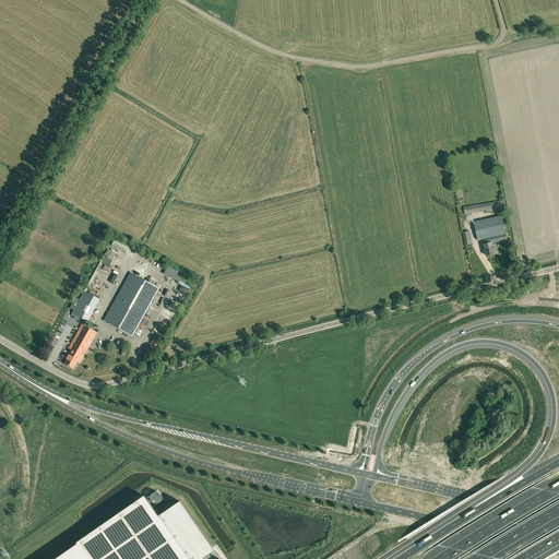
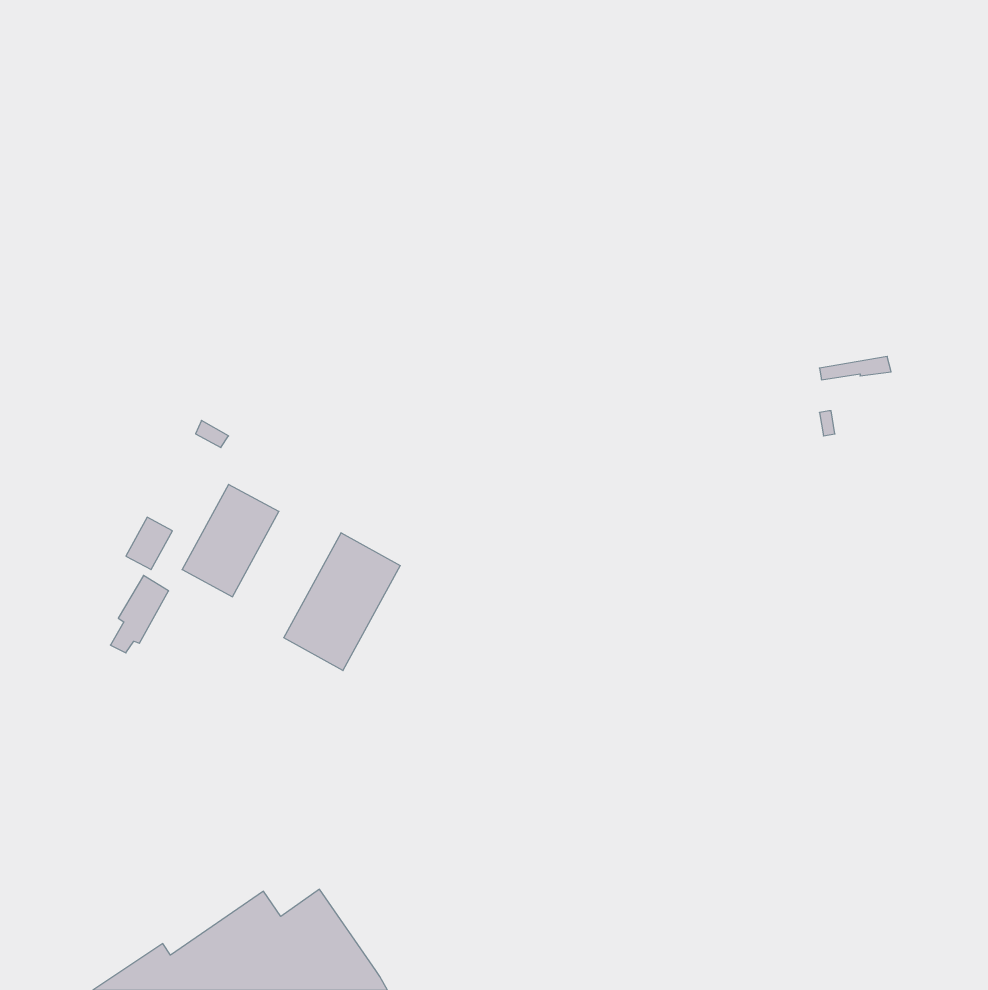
building: [473,216,506,255] -> none
building: none -> [284,533,400,671]

